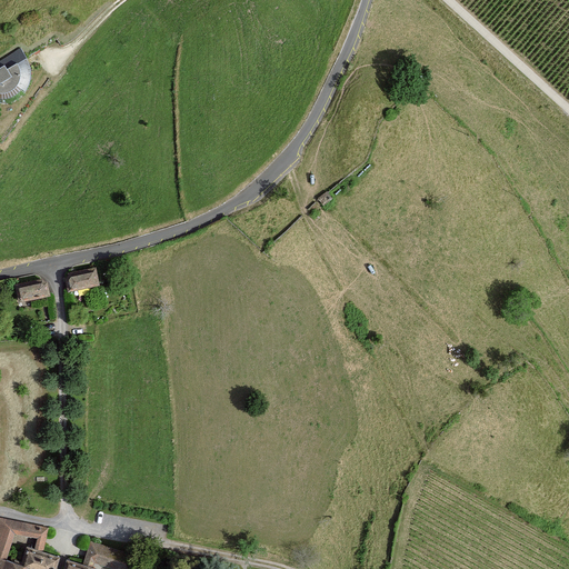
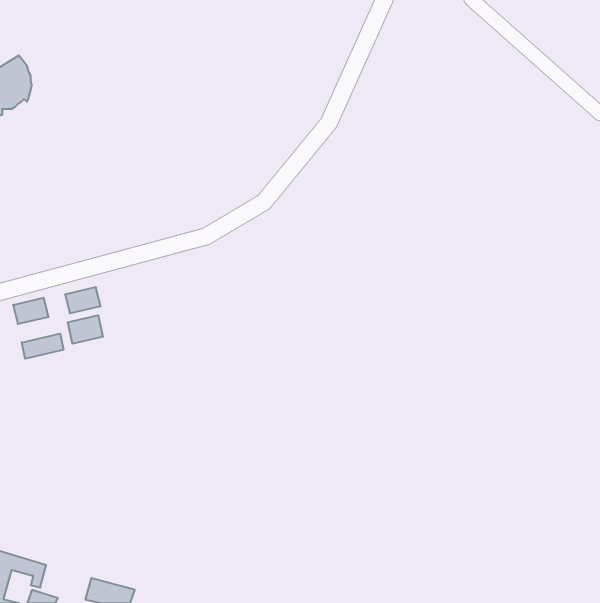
building: none -> [68,315,103,344]
building: none -> [22,334,63,359]

